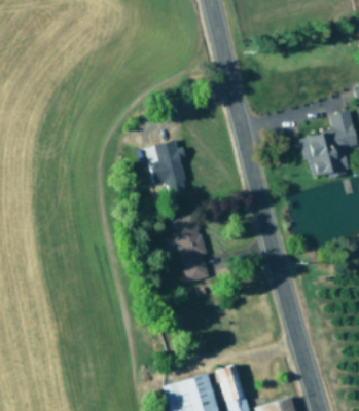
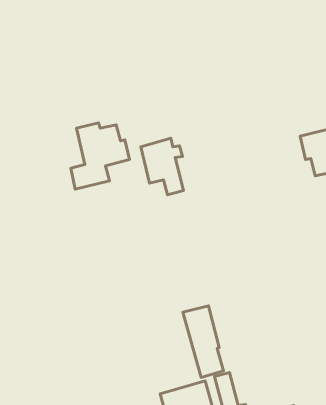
building: none -> [71,123,130,189]
building: [171,215,210,284] -> [183,306,224,377]

